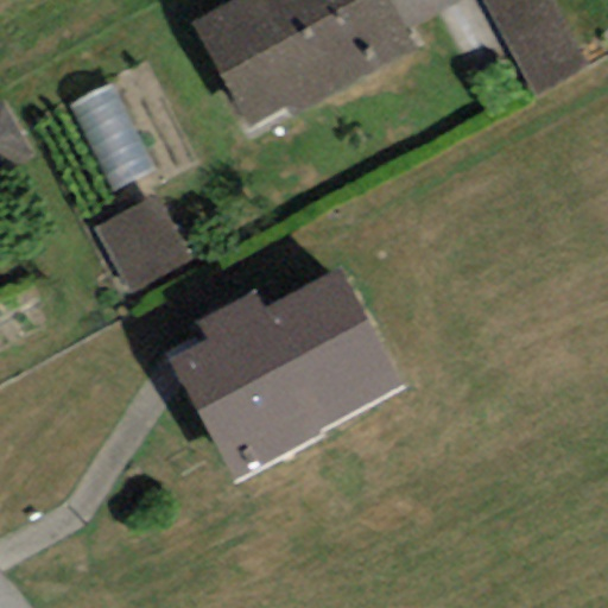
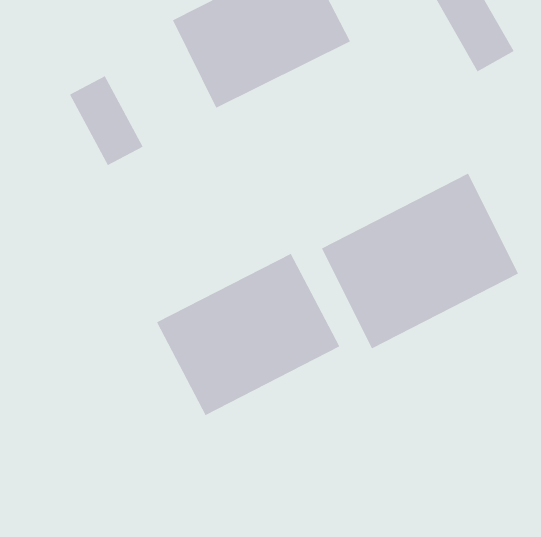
building: none -> [321,173,519,349]
building: [94,200,183,299] -> none

